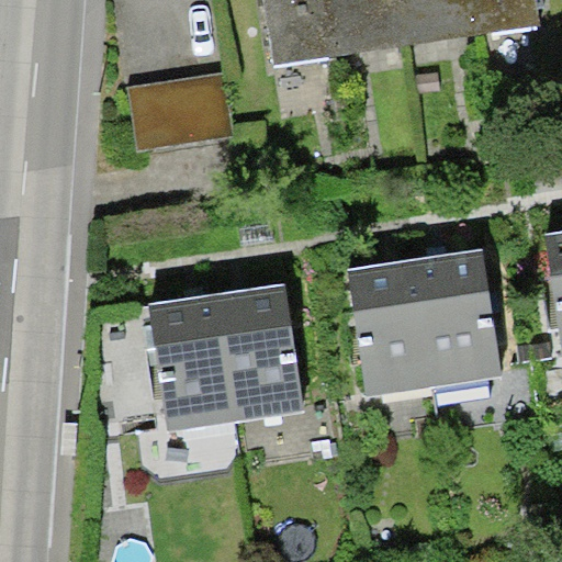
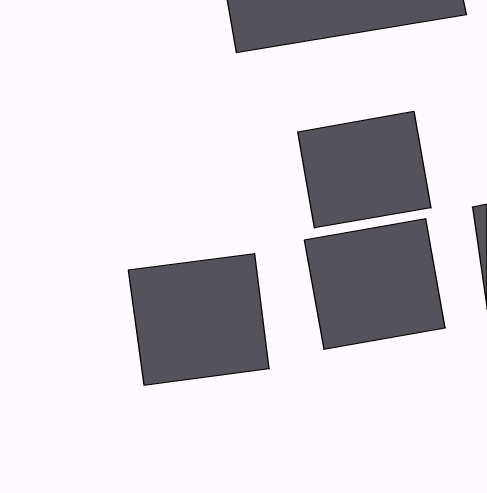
building: [126,68,235,151] -> none
building: none -> [298,111,431,228]

